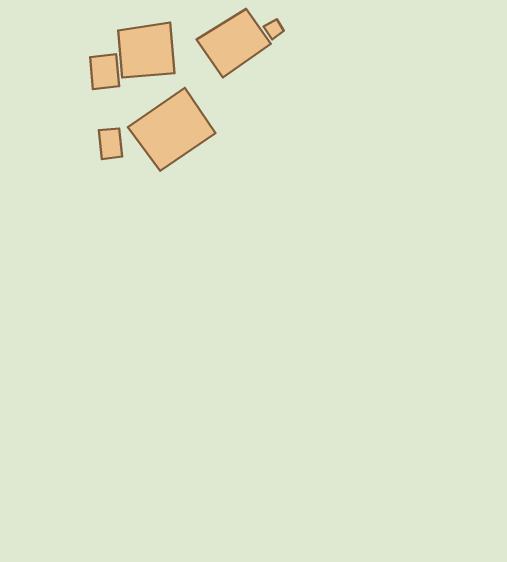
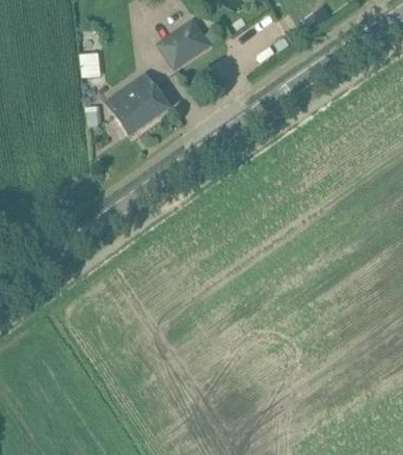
building: [118,22,175,78] -> none

